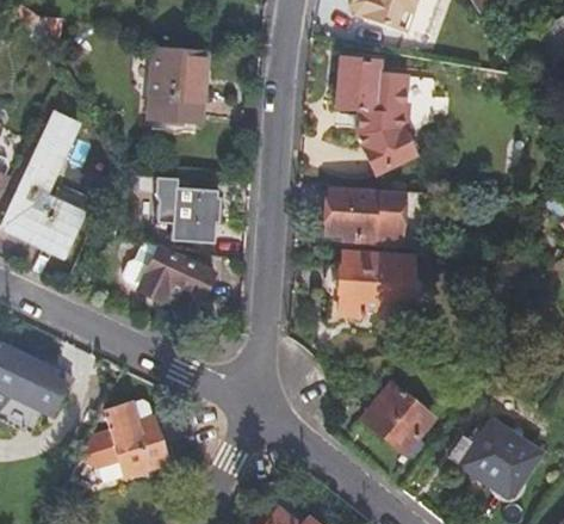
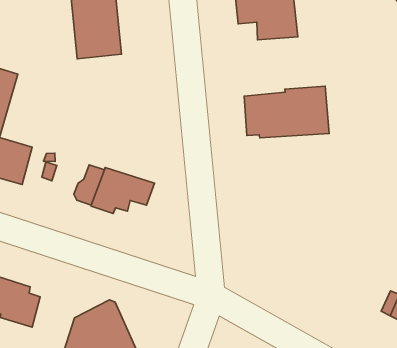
building: [357,128,417,175] -> none
building: [153,175,221,242] -> none
building: [339,248,409,316] -> none
building: [364,384,432,454] -> none

